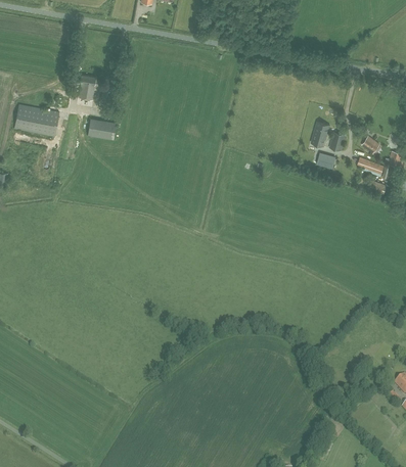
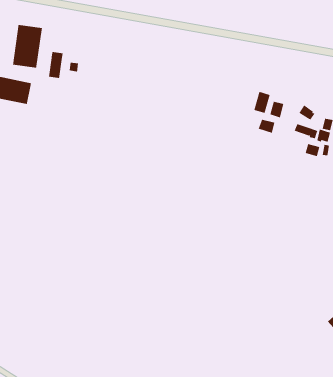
building: none -> [12,24,43,69]
building: [87,119,115,139] -> none

